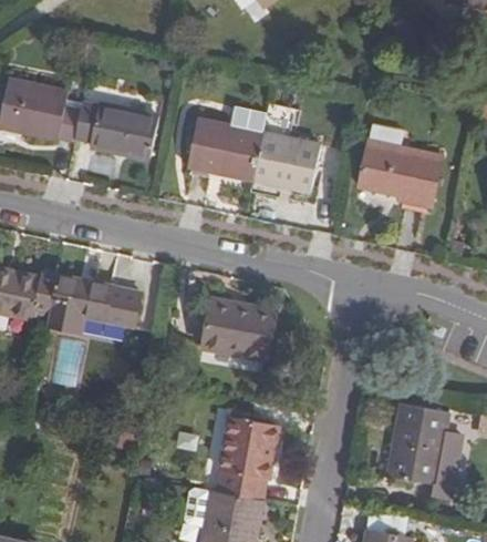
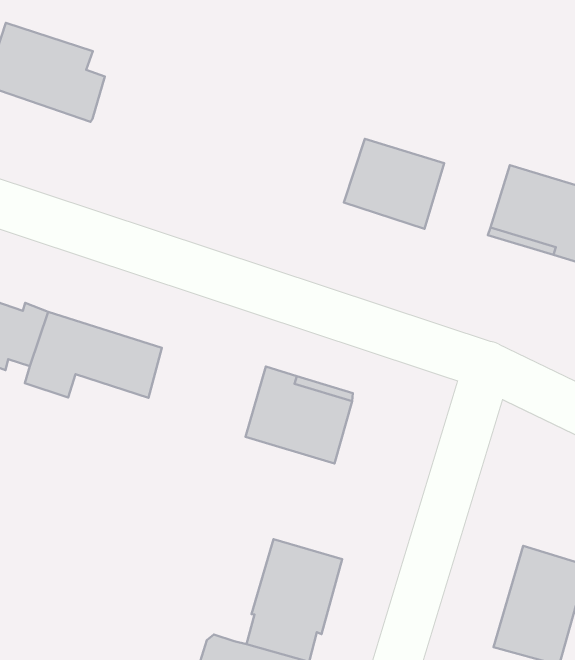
building: [74,101,157,158] -> none
building: [187,121,263,180] -> none

